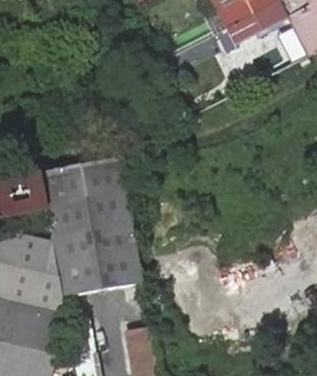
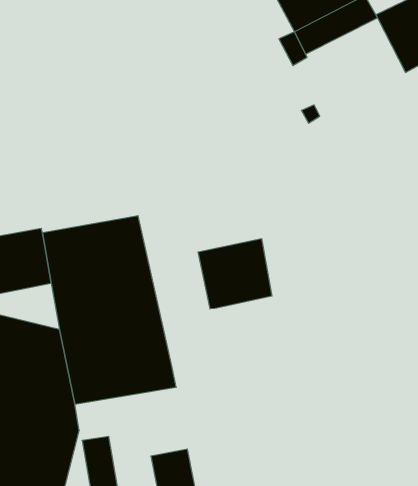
building: none -> [198,239,272,309]

